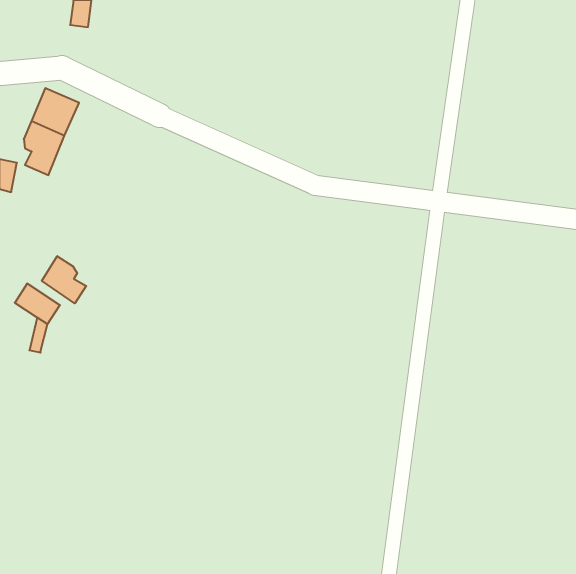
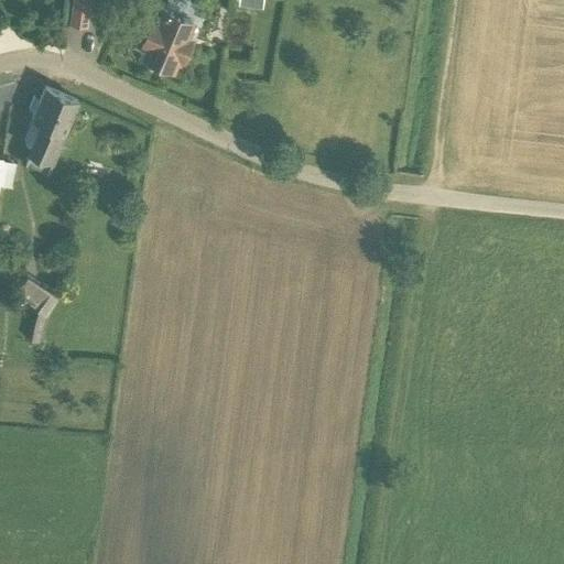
building: none -> [143,11,191,69]
building: [42,256,86,303] -> none

